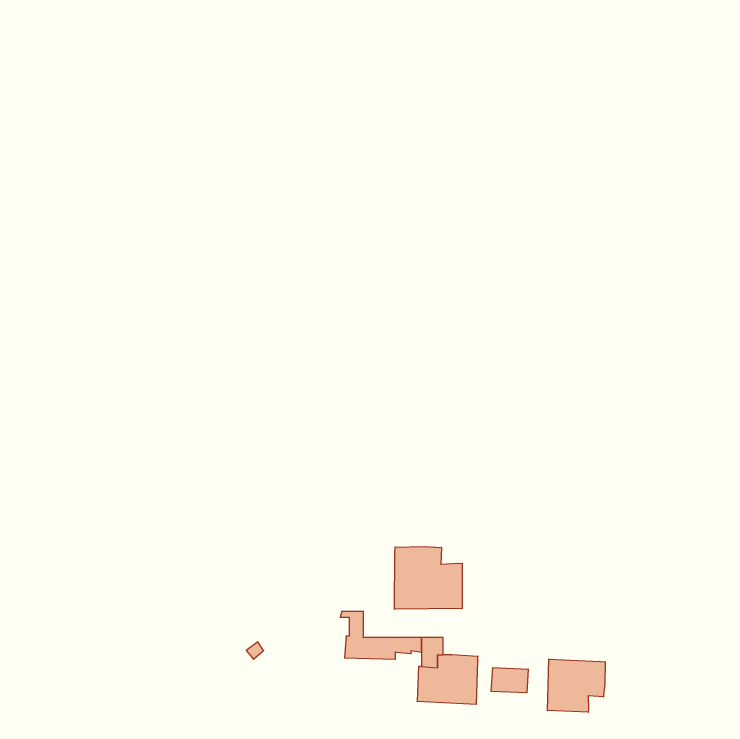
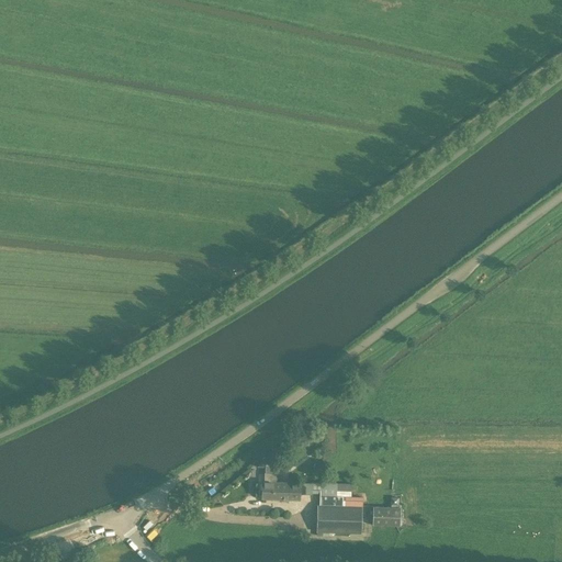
building: [394,547,462,609] -> none
building: [547,659,605,712] -> none

